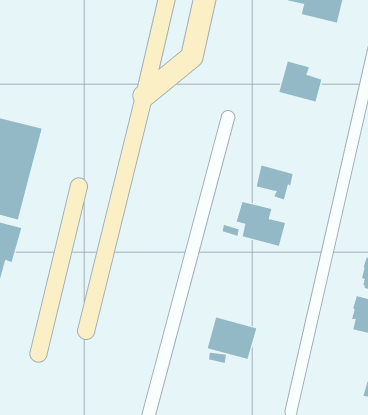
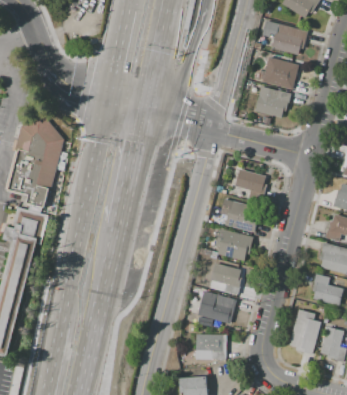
building: none -> [254,57,299,90]
building: none -> [216,228,253,261]
building: none -> [211,263,242,296]
building: none -> [289,309,321,354]
building: none -> [195,334,227,360]

